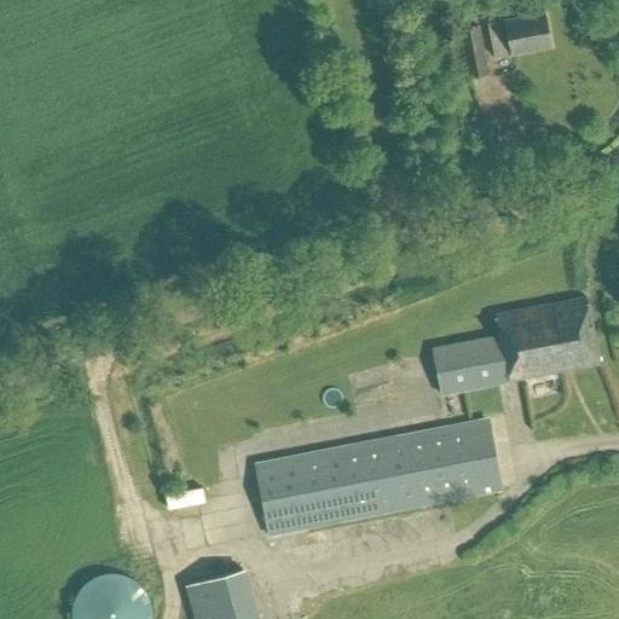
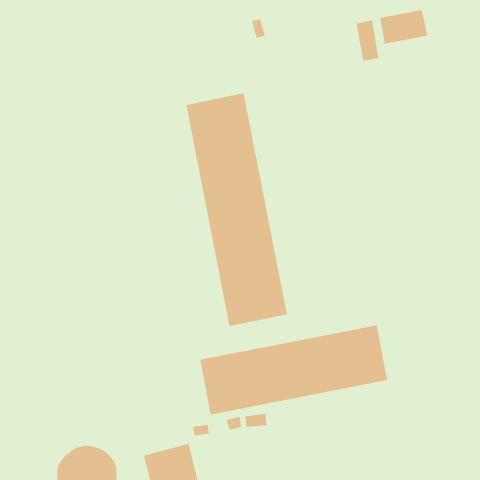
building: none -> [186,92,287,327]
building: [432,295,598,394] -> none

